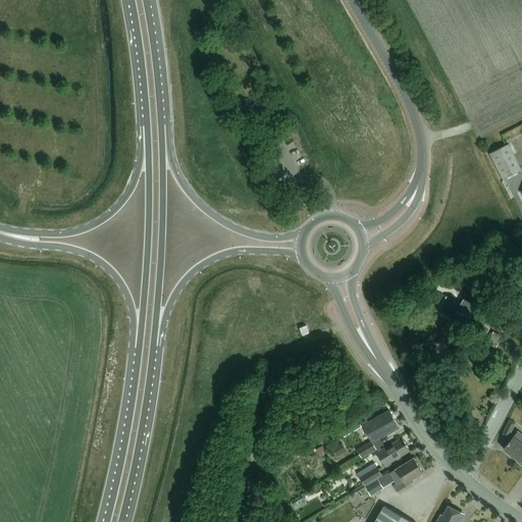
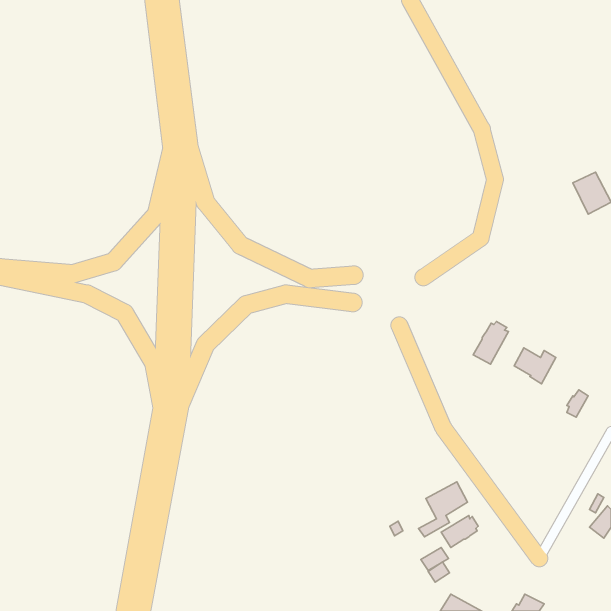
building: none -> [473,321,508,364]
building: [384,459,423,491] -> none

